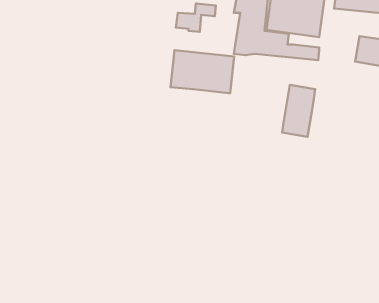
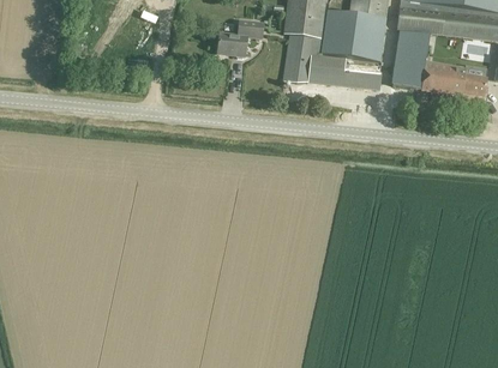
building: [171,50,234,93] -> none
building: [282,85,315,137] -> [392,30,430,89]

